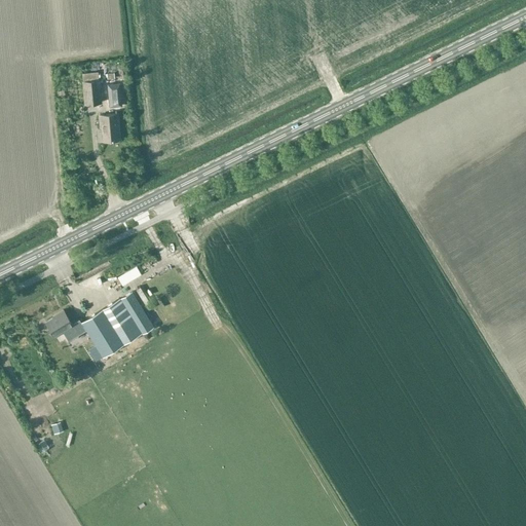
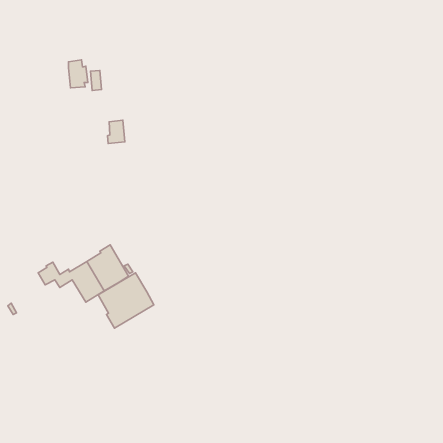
building: [98,114,118,142] -> [107,120,125,144]
building: none -> [98,273,154,328]

